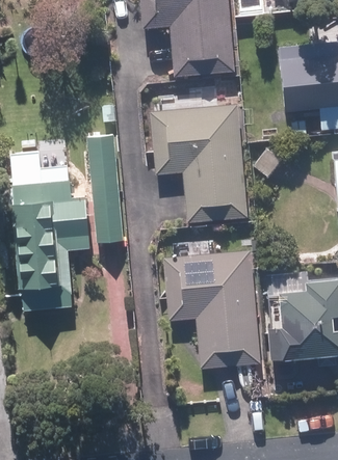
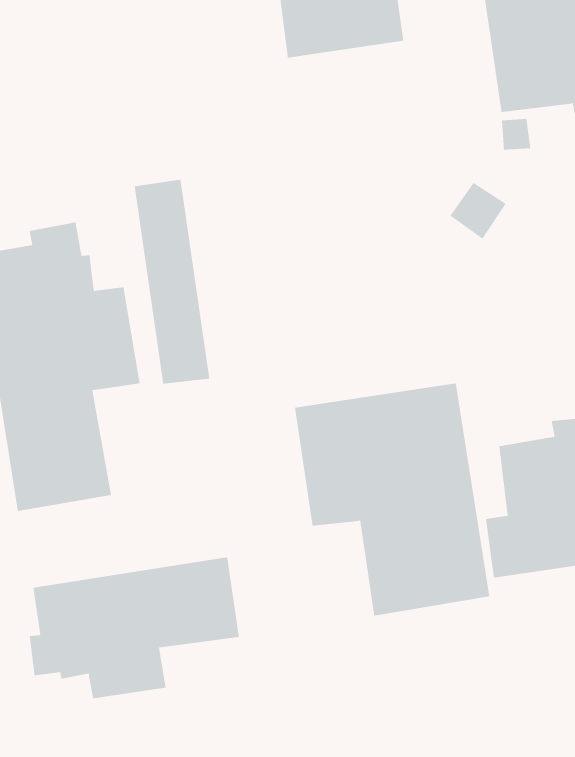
building: [153,106,249,223] -> none
building: none -> [29,557,239,699]

